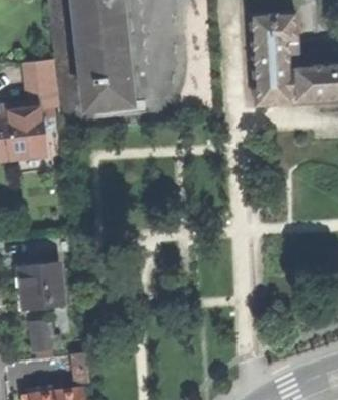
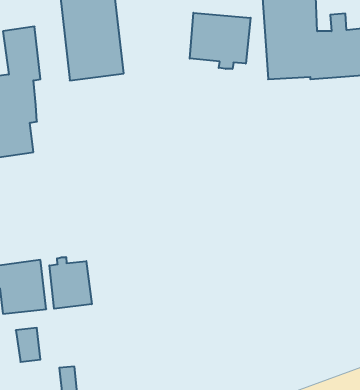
building: none -> [190,13,251,69]
building: none -> [49,257,92,309]

